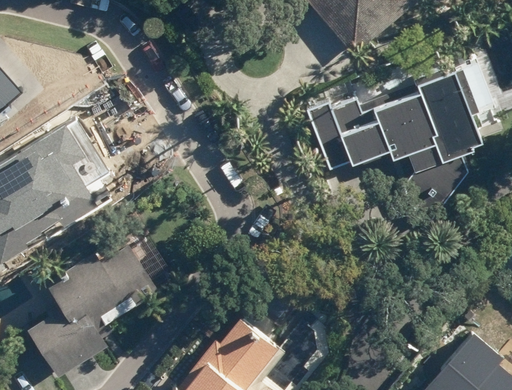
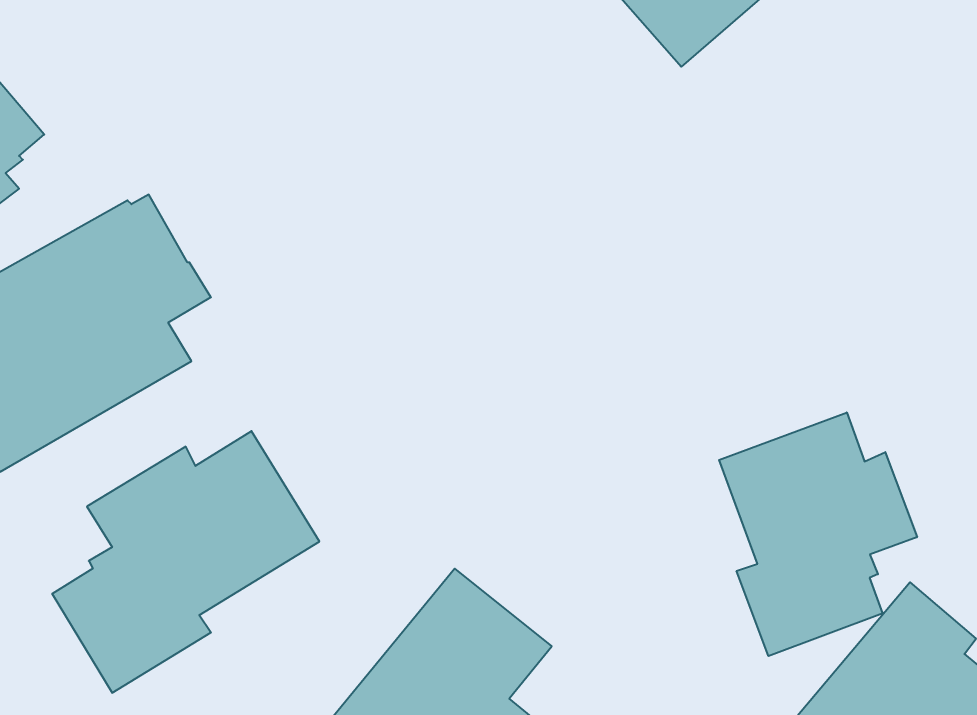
building: [306,61,483,215] -> none
building: none -> [719,412,917,656]

